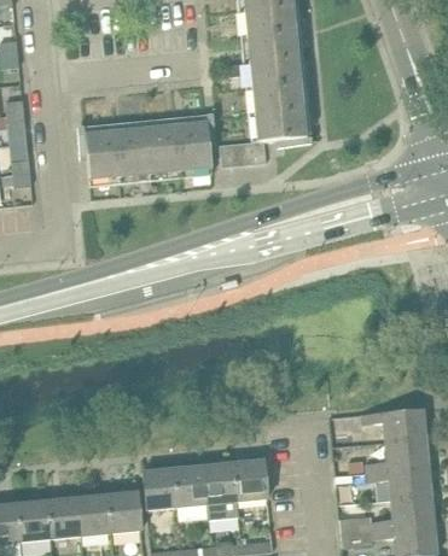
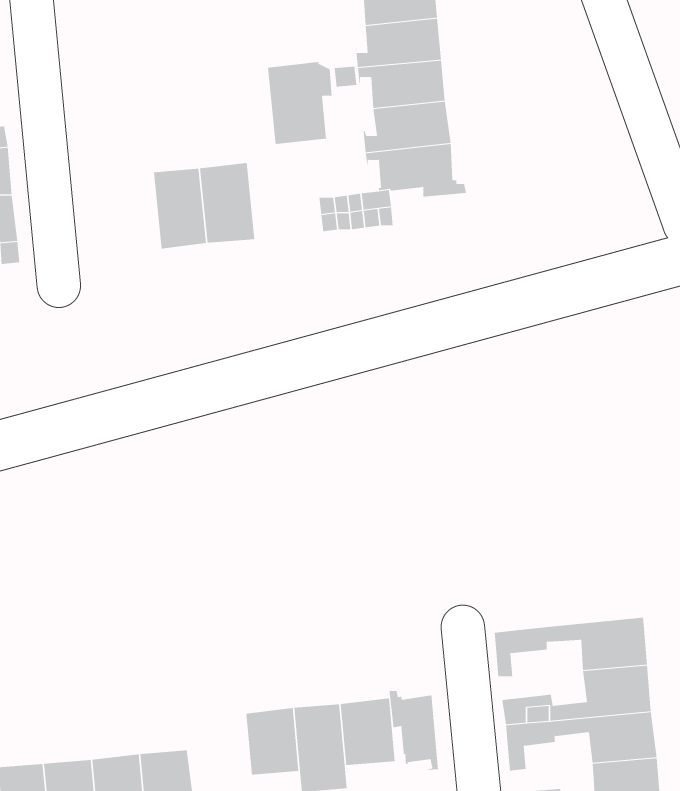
building: [175,119,216,171] -> [267,62,333,144]
building: [80,129,121,180] -> none
building: none -> [389,690,439,771]
building: [144,468,178,509] -> none

